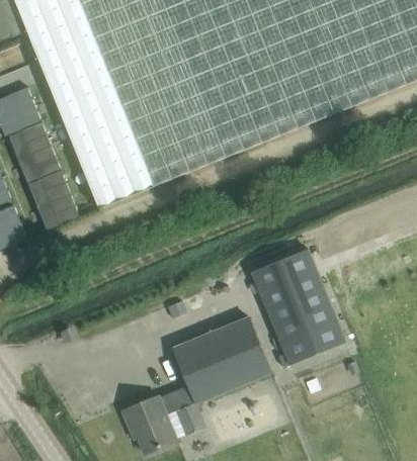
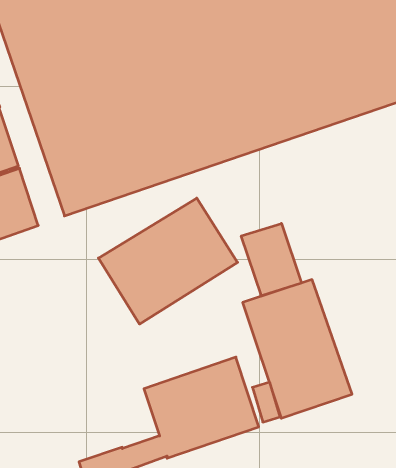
building: none -> [98,198,238,324]
building: none -> [241,223,301,296]

